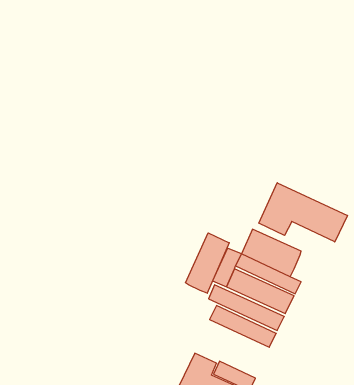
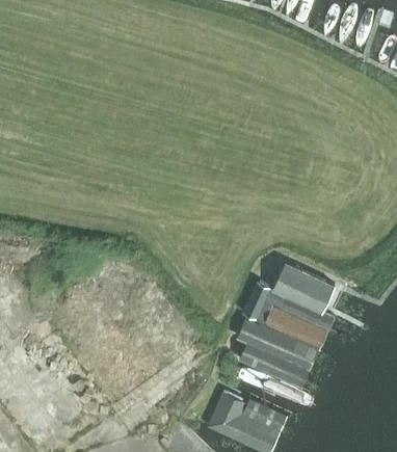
building: [259,183,347,242] -> none
building: [186,233,229,293] -> none

